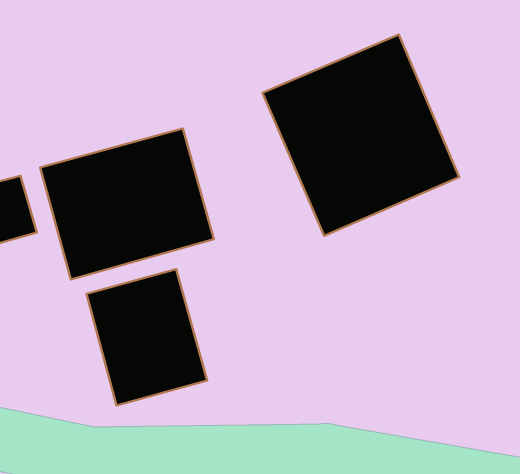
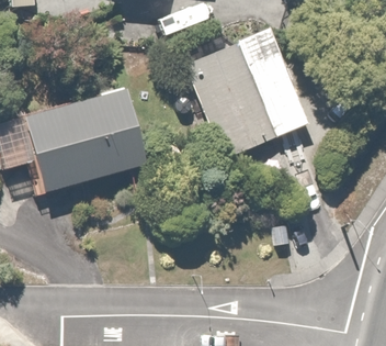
building: [87,269,207,406] -> none

